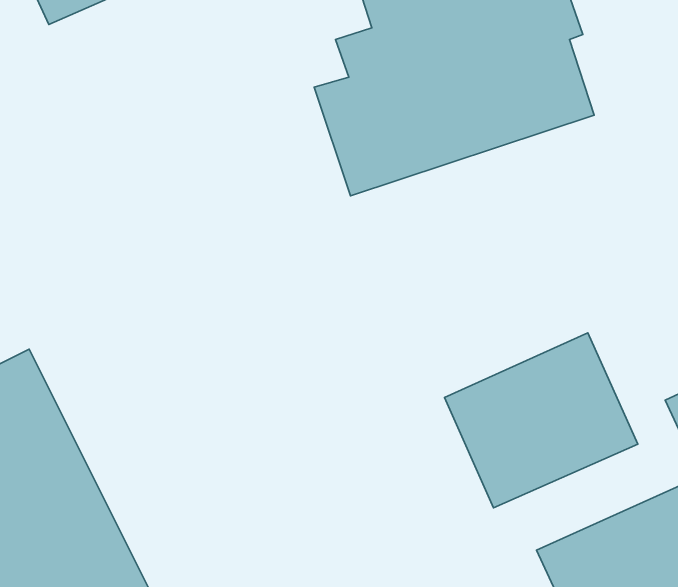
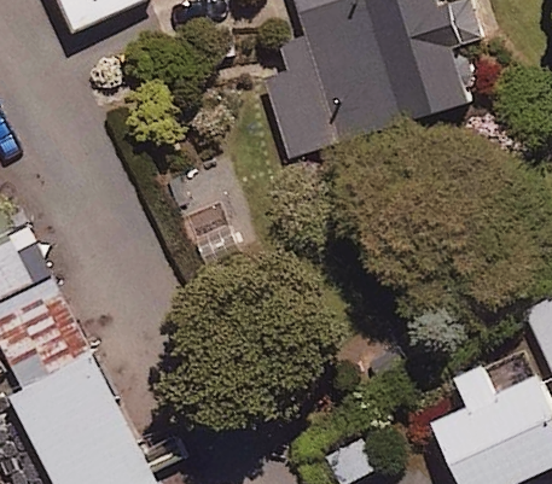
building: [445,333,638,508] -> none

